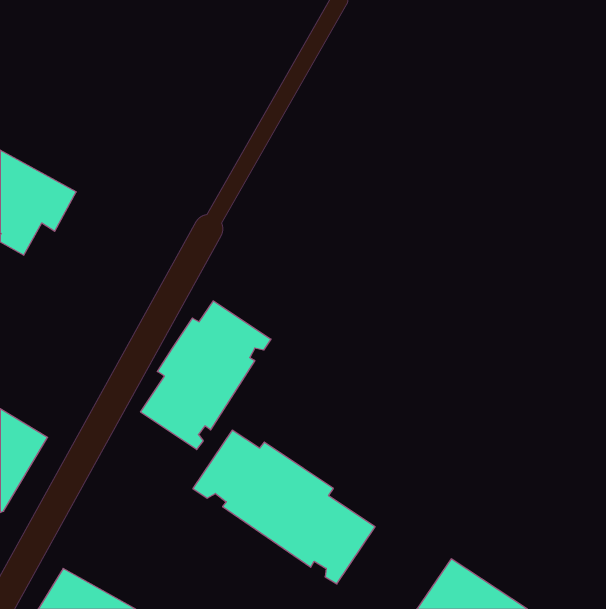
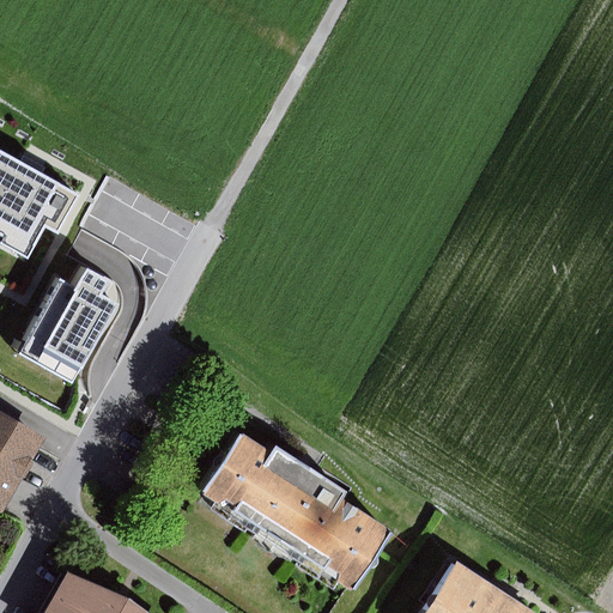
building: none -> [19,266,117,381]
building: [141,301,271,450] -> none

